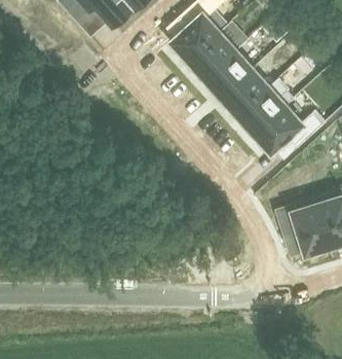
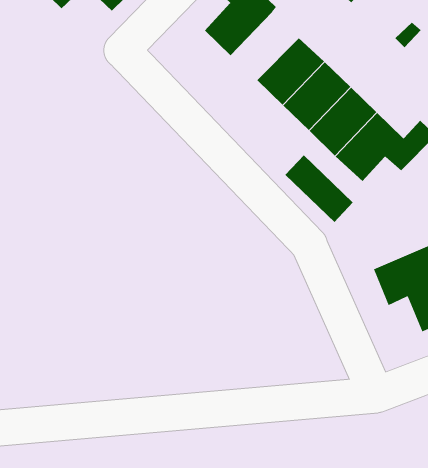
building: [190,35,237,80] -> none
building: none -> [284,154,354,223]

